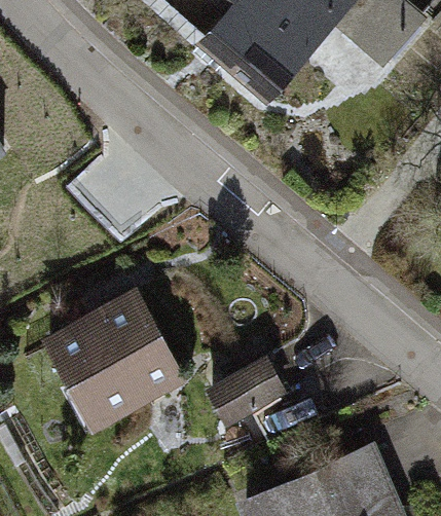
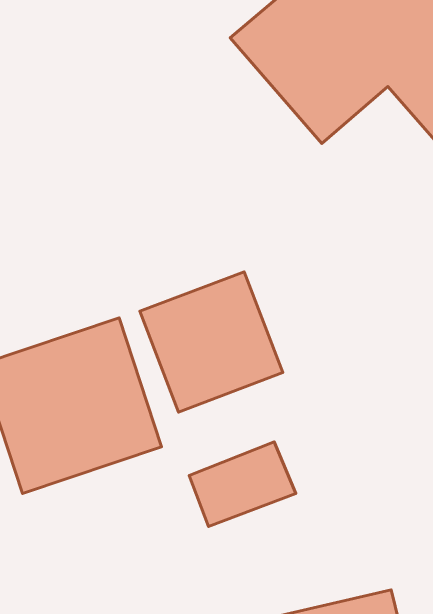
building: none -> [140,272,283,412]

